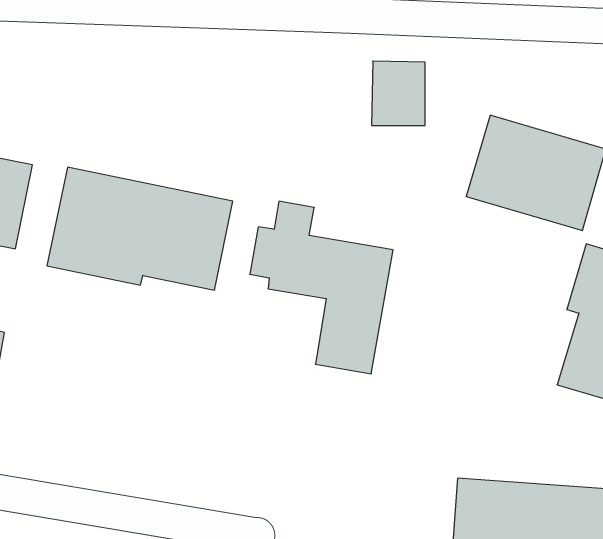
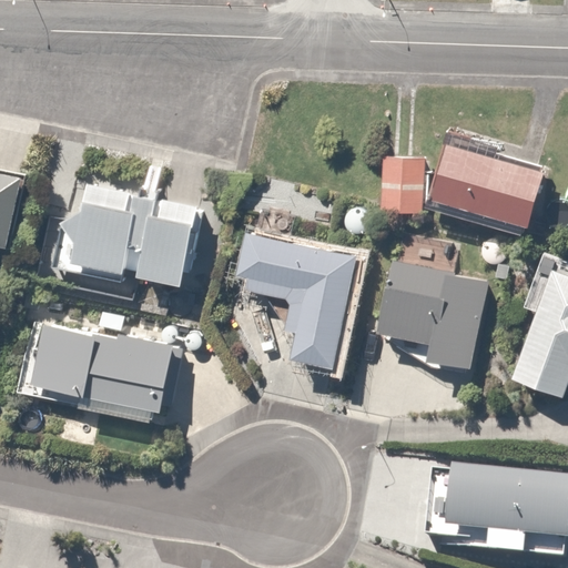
building: [372,61,425,125] -> [372,154,420,213]
building: none -> [383,240,494,373]
building: none -> [40,327,184,415]

